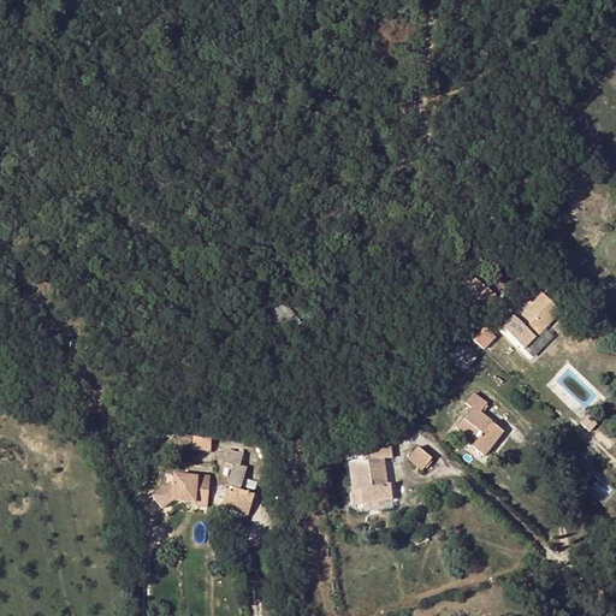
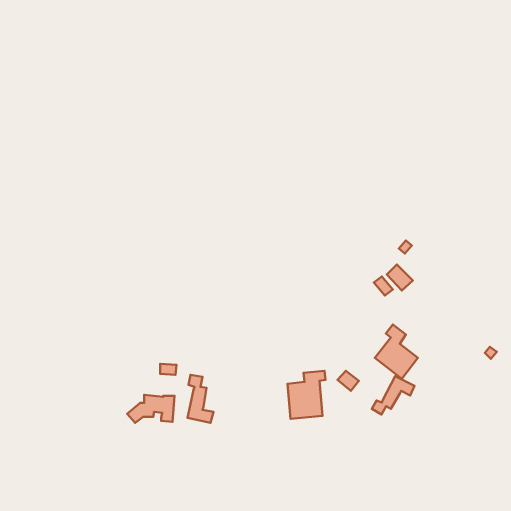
building: [504,294,563,349] -> none
building: none -> [372,376,414,414]

